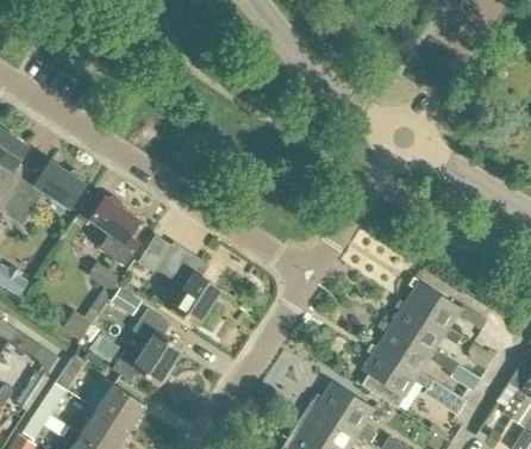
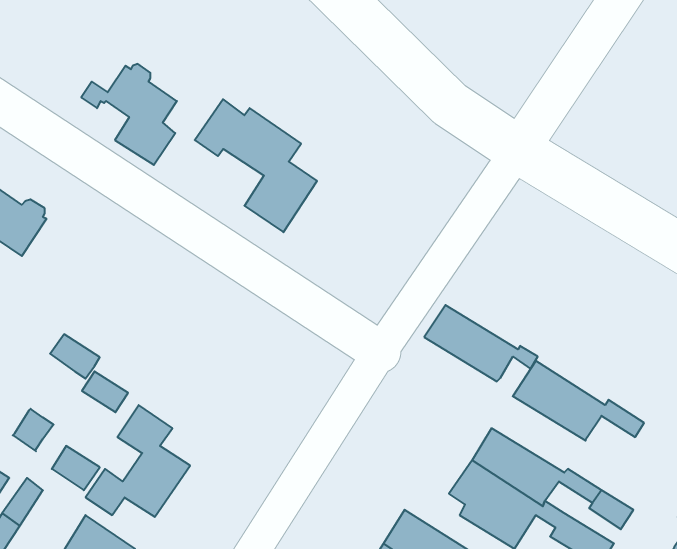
building: [76,195,140,263] -> [81,64,177,165]
building: [138,235,220,324] -> [195,99,317,232]
building: [385,303,461,354] -> [424,305,538,381]

